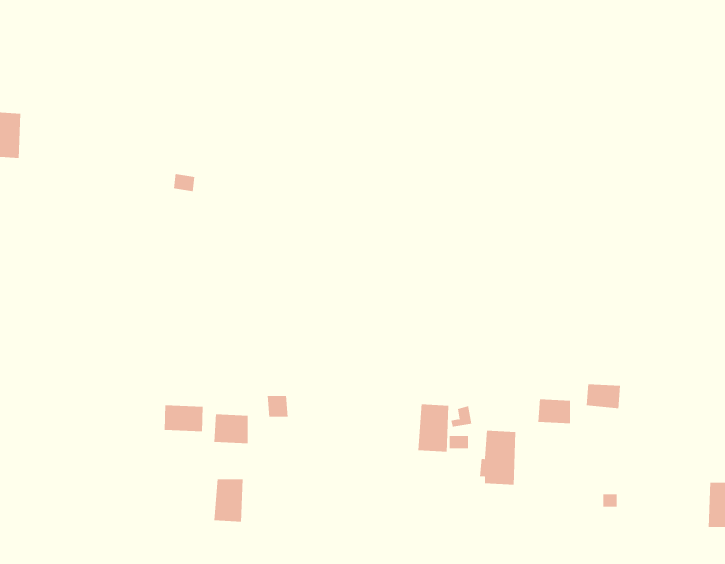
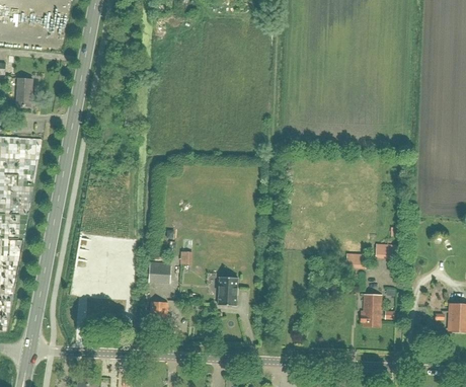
building: [417,404,449,452] -> [218,276,237,305]
building: [164,404,203,432] -> none
building: [479,430,516,485] -> [360,293,382,326]

